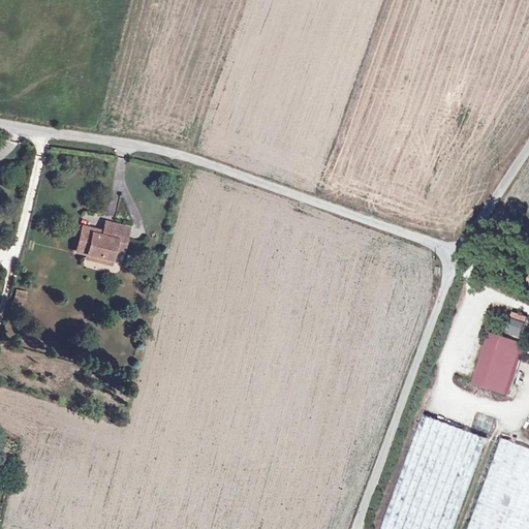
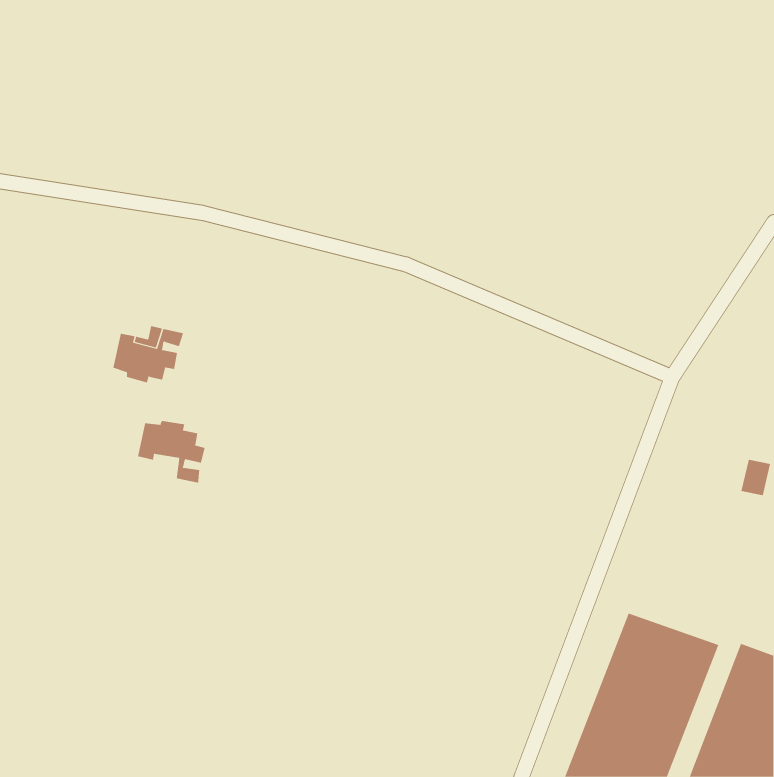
building: none -> [137,420,205,484]
building: [476,334,518,391] -> none

